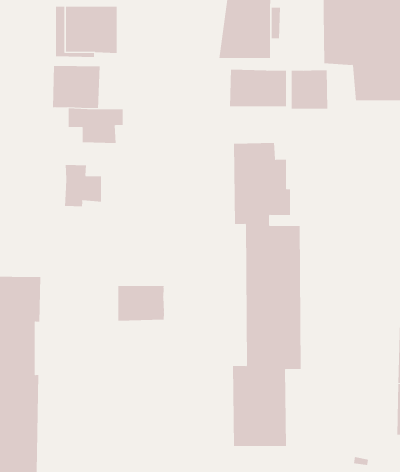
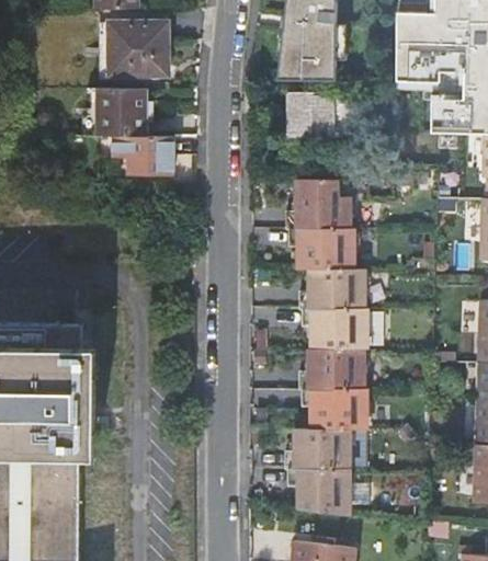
building: [291,70,328,110] -> none
building: [65,164,102,207] -> none
building: [118,285,164,321] -> none

